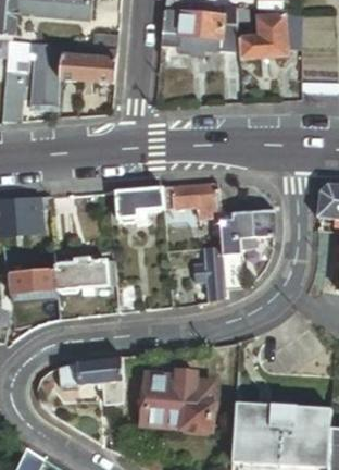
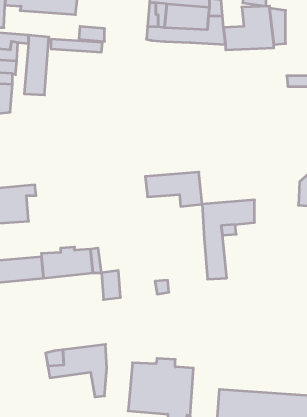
building: [61,57,116,84] -> none
building: [113,186,162,218] -> none
building: [192,249,224,299] -> none

